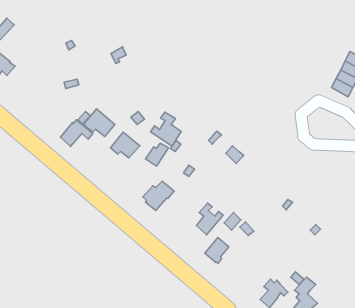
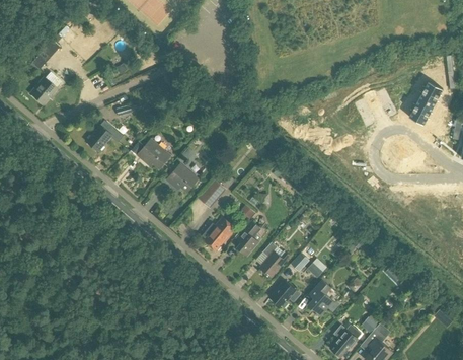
building: [150,112,181,146] -> none
building: [60,120,93,147] -> [86,121,122,150]
building: none -> [235,220,259,256]
building: none -> [306,279,336,315]

